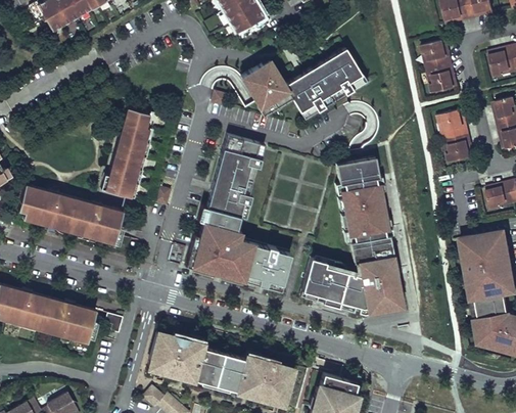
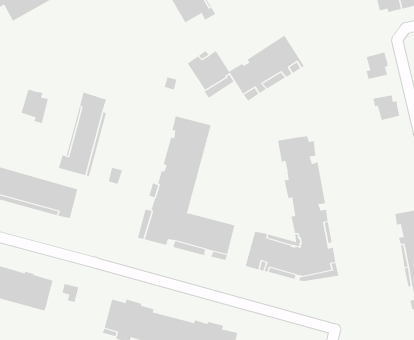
building: [422,42,452,71] -> none
building: none -> [21,89,48,124]
building: [448,134,472,164] -> none

